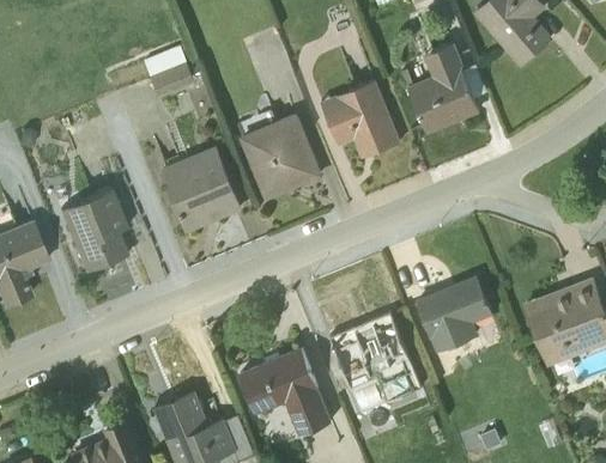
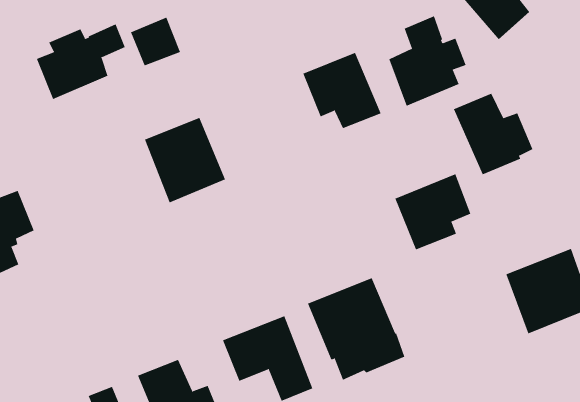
building: none -> [36,24,125,100]
building: [237,114,322,201] -> none
building: none -> [453,93,533,175]
building: [57,189,127,273] -> none
building: [414,274,492,352] -> [394,174,471,250]

